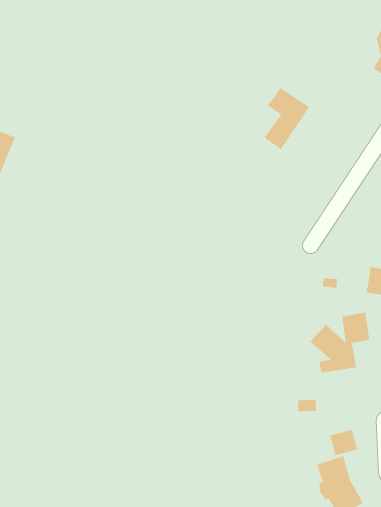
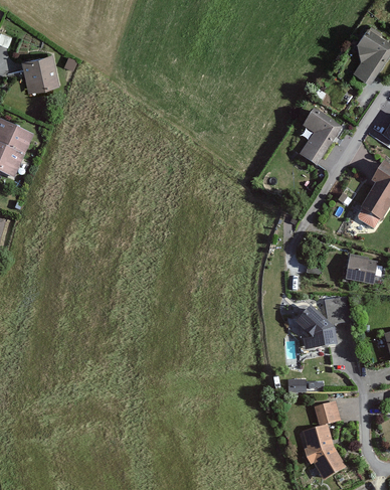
building: none -> [17,49,59,91]
building: [264,87,310,150] -> [301,108,343,165]

